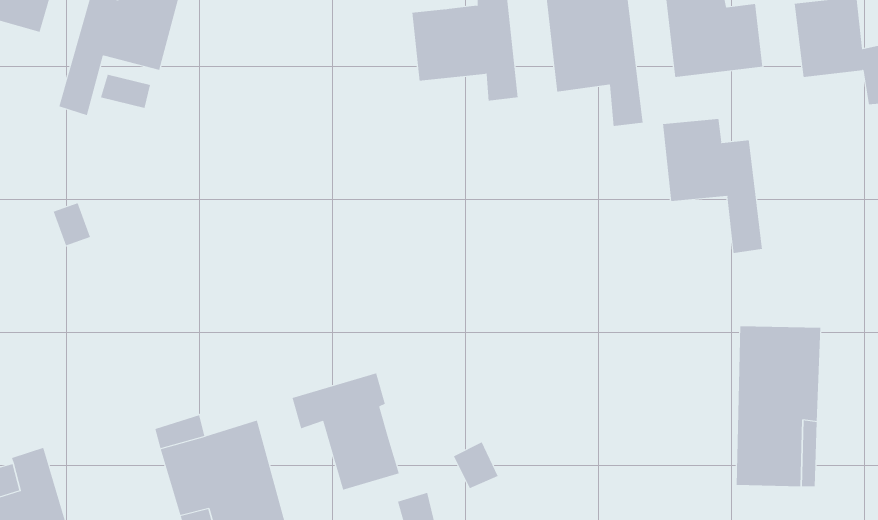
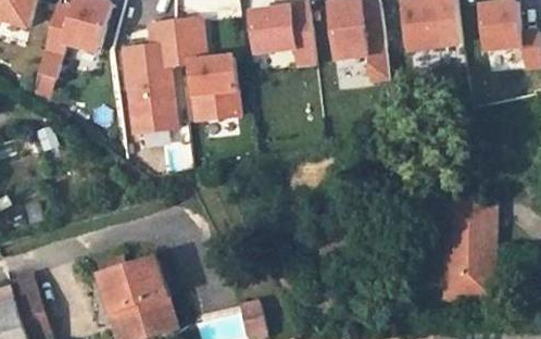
building: none -> [123,18,239,133]
building: [663,118,762,254] -> none
building: [292,372,399,491] -> none

